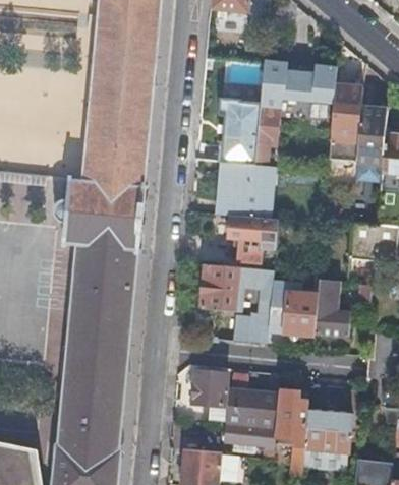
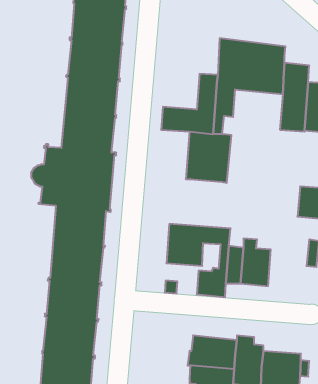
building: [226,214,263,262] -> none
building: [315,277,350,334] -> none
building: [192,370,227,421] -> none

